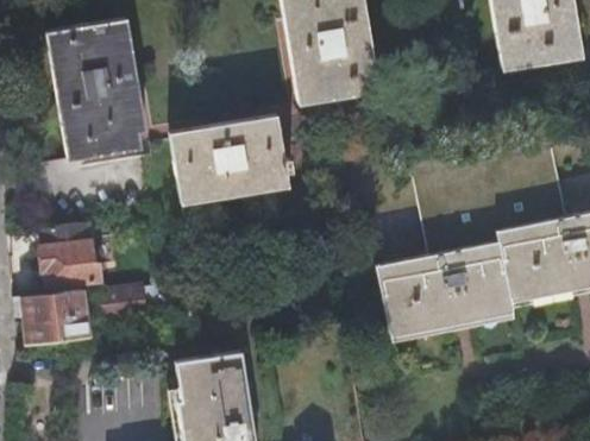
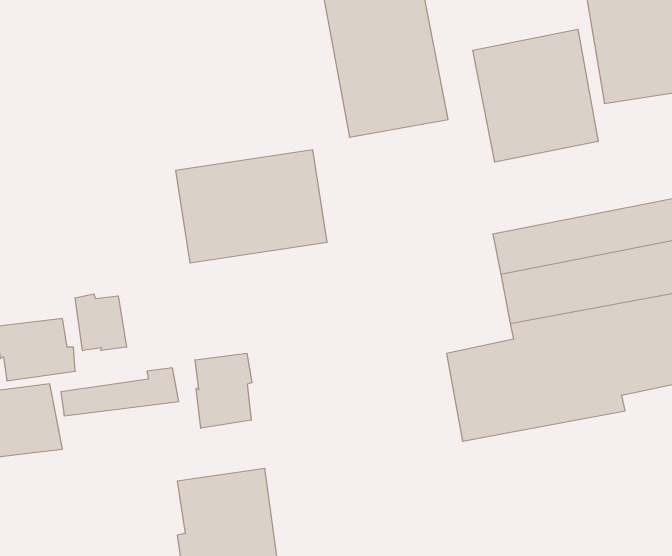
building: [51,19,146,159] -> none
building: none -> [473,29,598,162]
building: none -> [75,294,126,351]
building: none -> [195,353,252,428]

